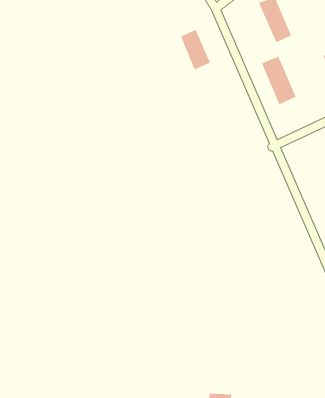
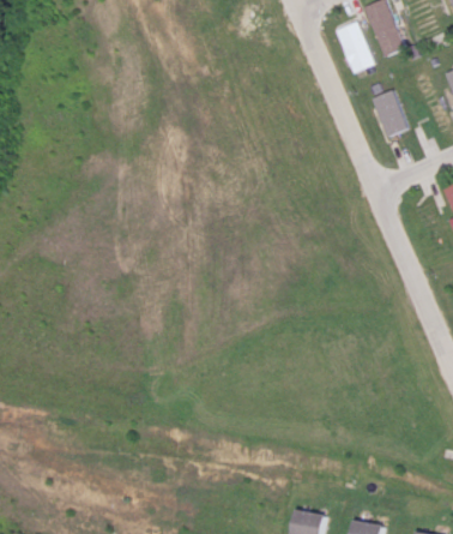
building: [180,29,211,70] -> [333,20,373,73]

